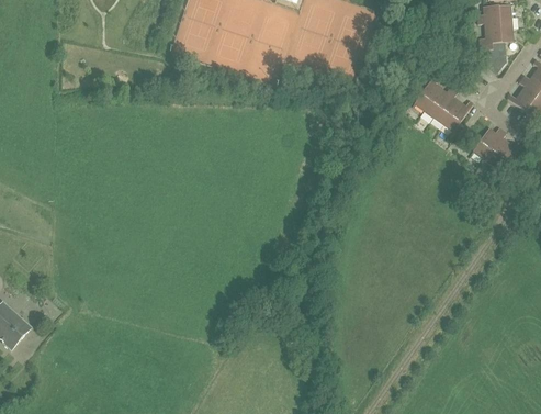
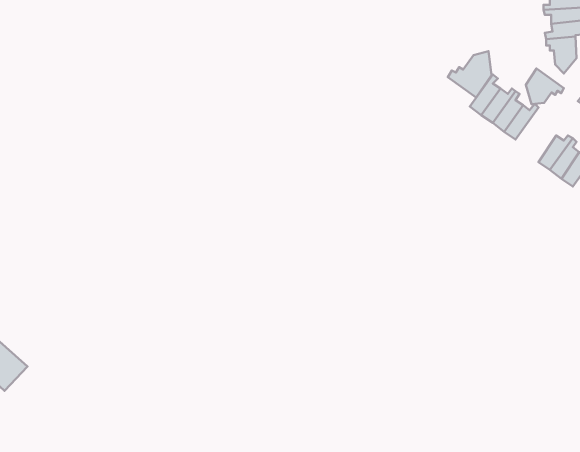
building: none -> [448,51,492,98]
building: none -> [526,69,564,104]

